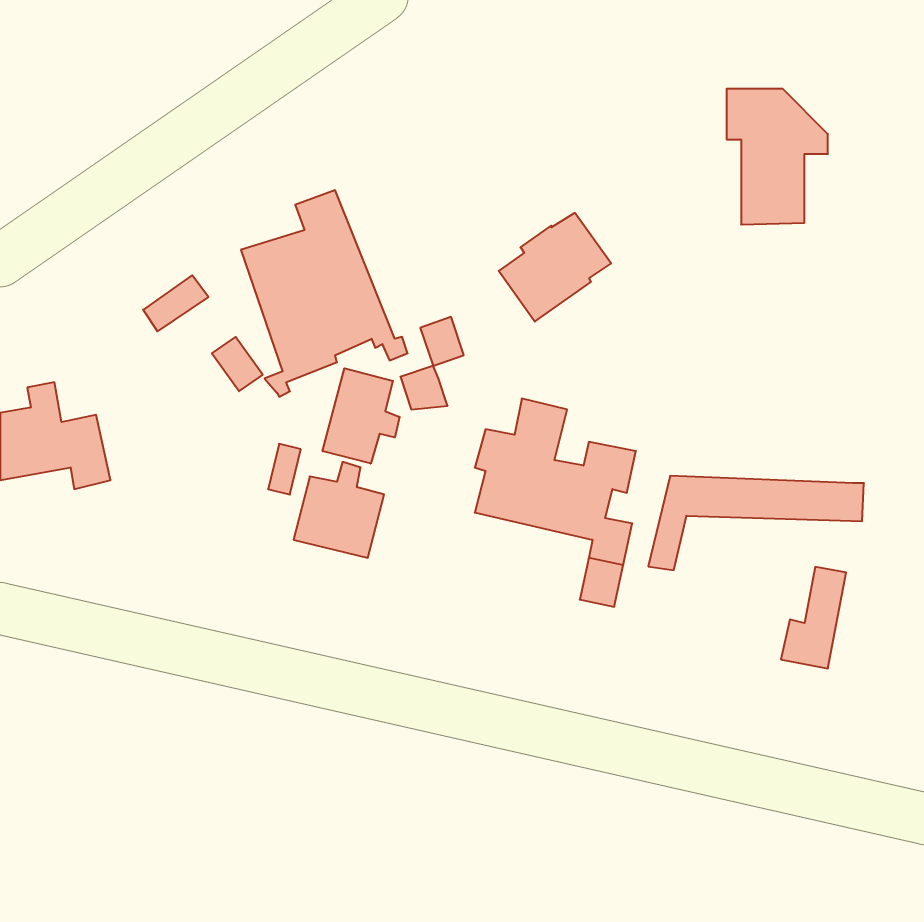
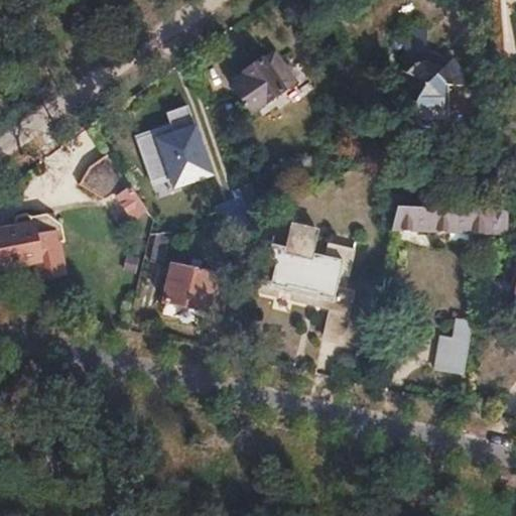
building: [499,213,611,322] -> [233,52,295,113]
building: [323,368,400,464] -> none
building: [648,476,864,570] -> [384,205,504,257]

